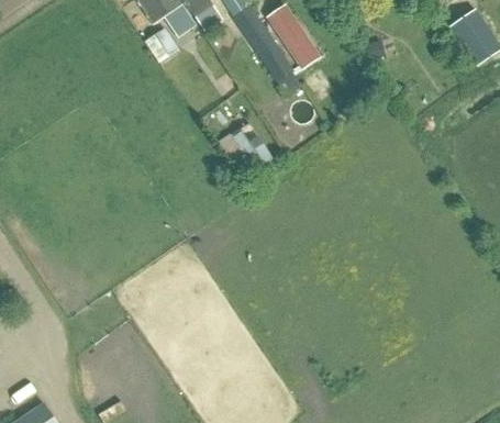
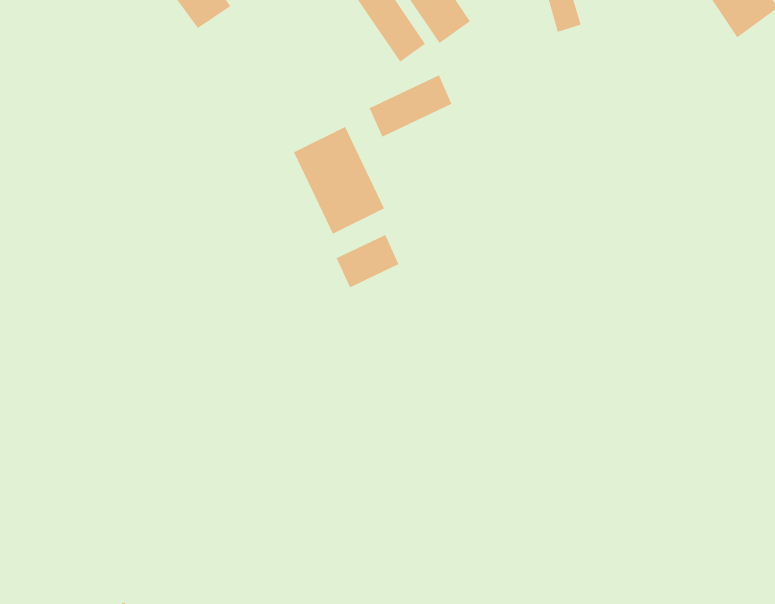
building: none -> [369,74,452,138]
building: none -> [336,234,399,288]

